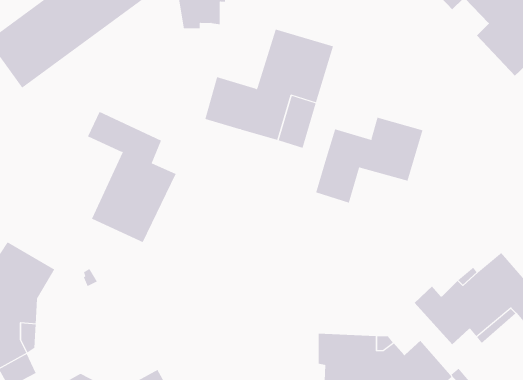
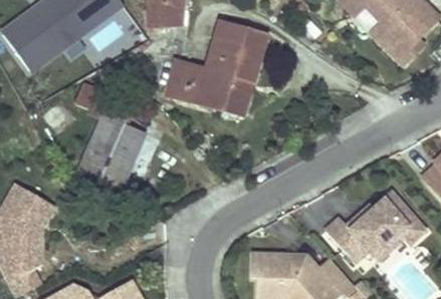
building: [315,117,423,203] -> none

